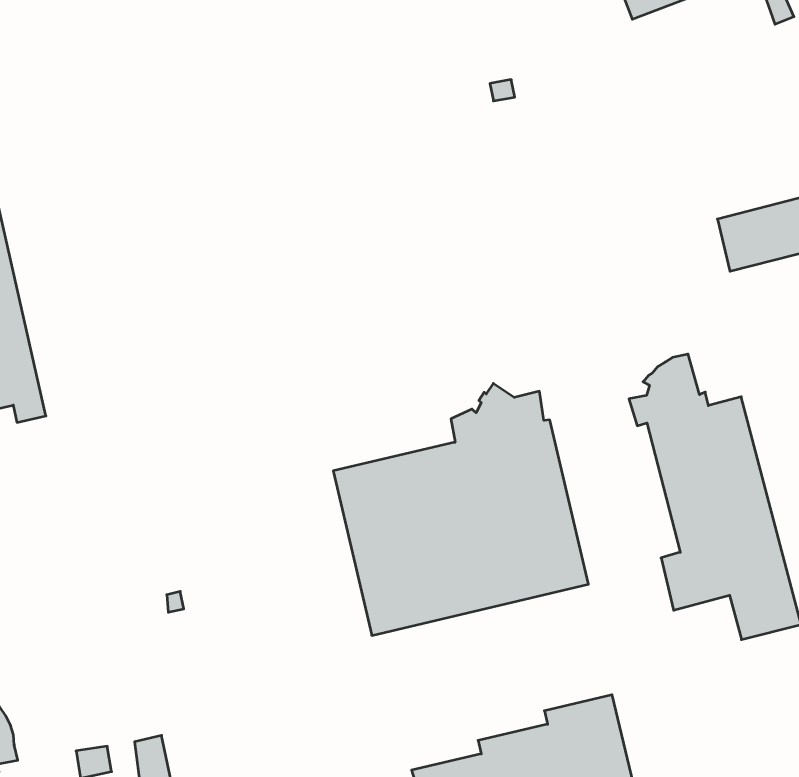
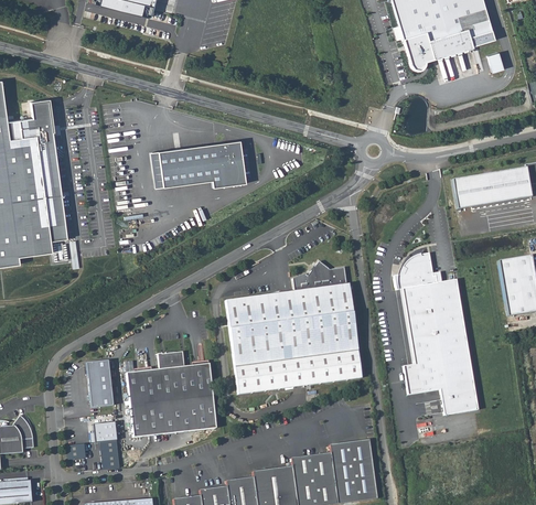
building: none -> [152,140,248,189]
building: none -> [127,353,216,438]
building: none -> [86,359,114,408]
building: none -> [90,421,118,443]

